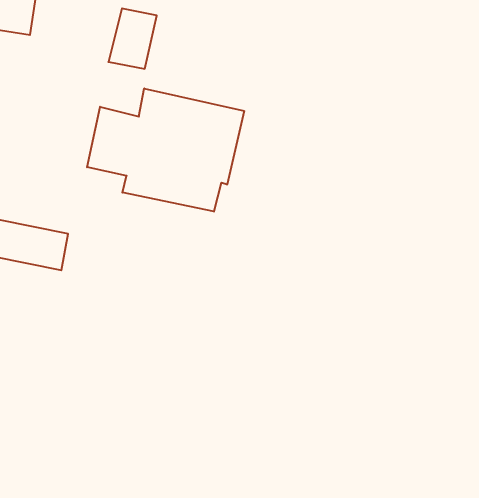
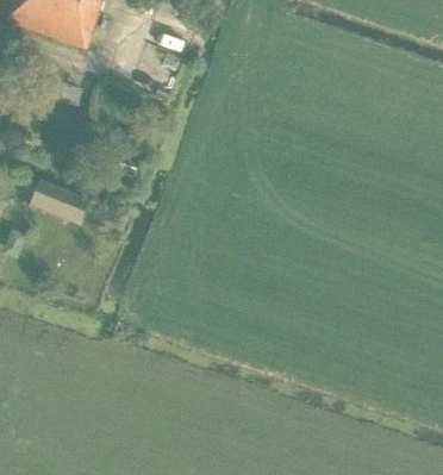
building: [87,88,244,212] -> none

